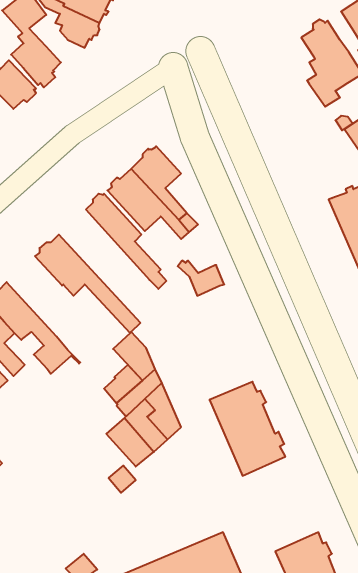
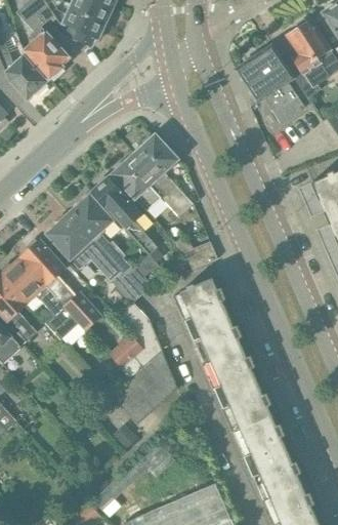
building: none -> [234,45,302,124]
building: none -> [67,195,150,294]
building: none -> [19,240,102,330]
building: none -> [172,278,242,364]
building: none -> [233,415,301,501]

